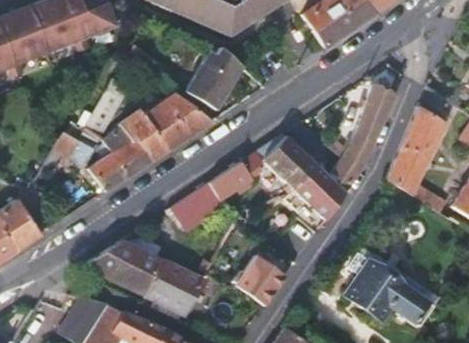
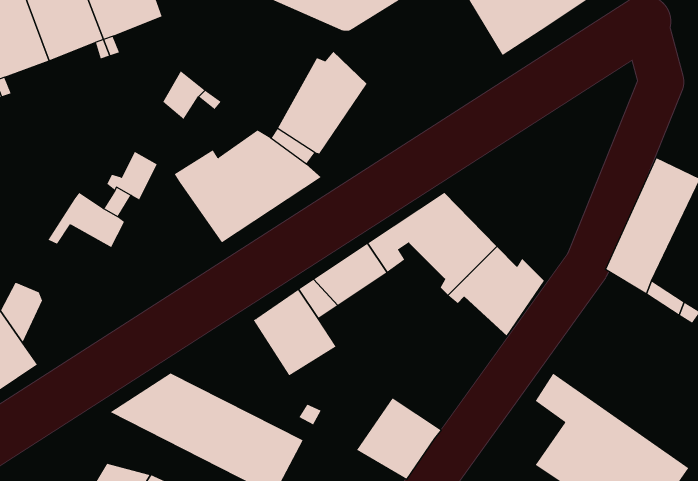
building: [335,83,394,186] -> none
building: [90,126,152,194] -> none

